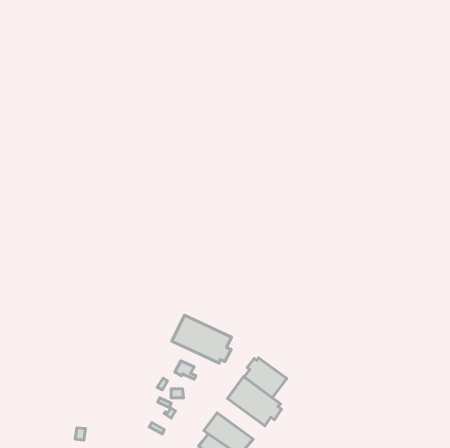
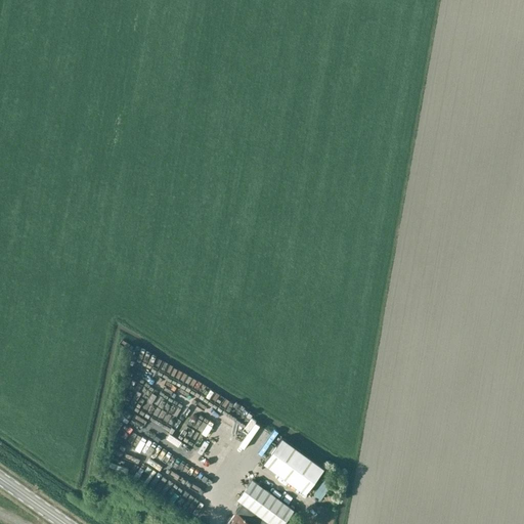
building: [172,315,232,363] -> none
building: [244,358,287,398] -> none

